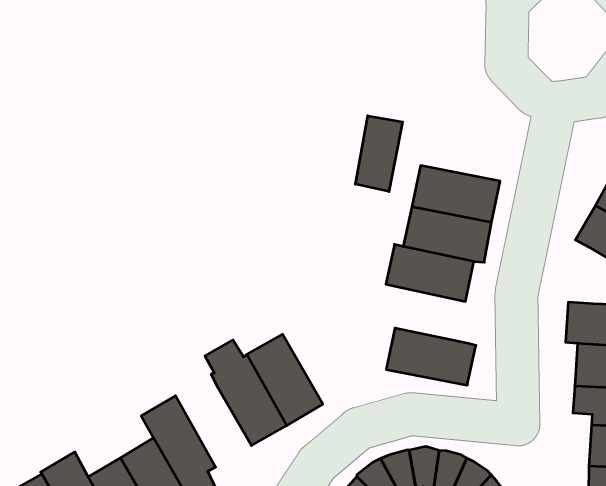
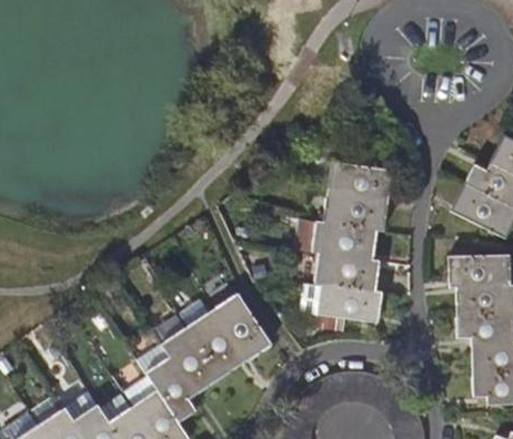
building: [355,116,403,192] -> none
building: none -> [315,253,380,292]
building: none -> [161,327,220,396]

